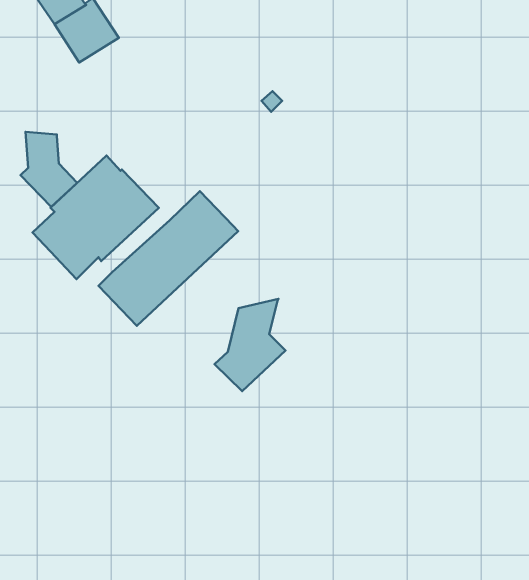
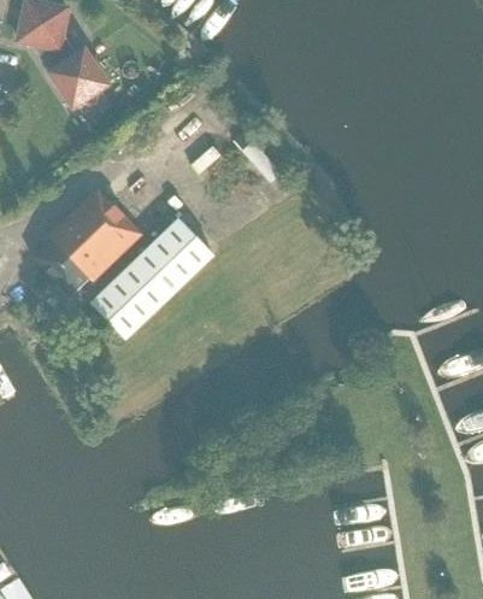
building: [21,132,77,207] -> none
building: [215,299,286,391] -> none

